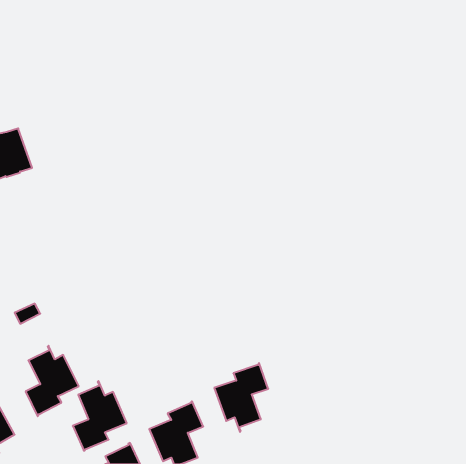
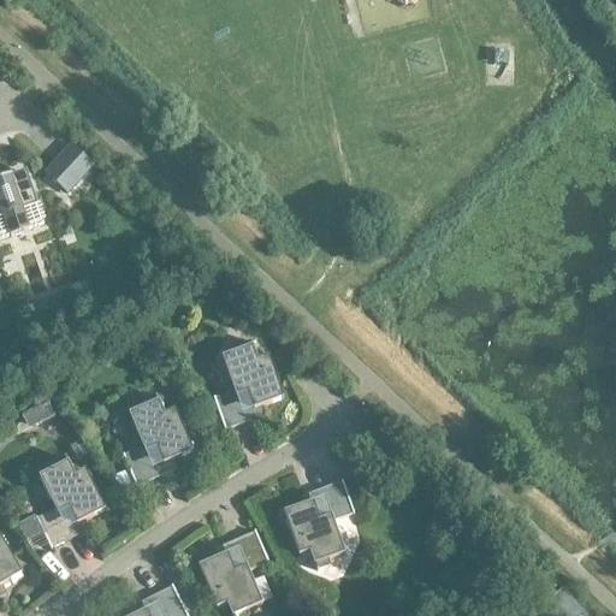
building: none -> [45,137,96,189]
building: none -> [212,337,282,427]
building: [73,381,127,451] -> [120,392,191,484]

